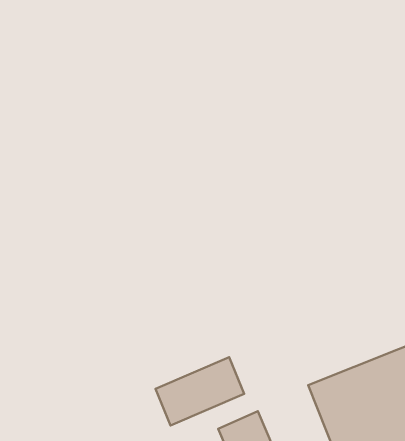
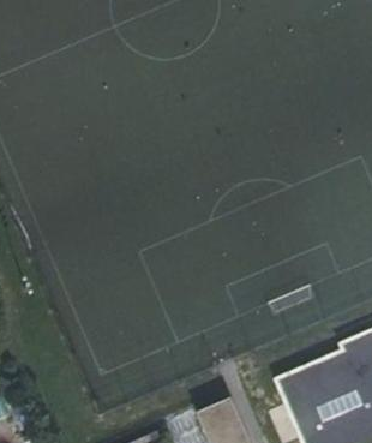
building: [155,357,244,426] -> none

